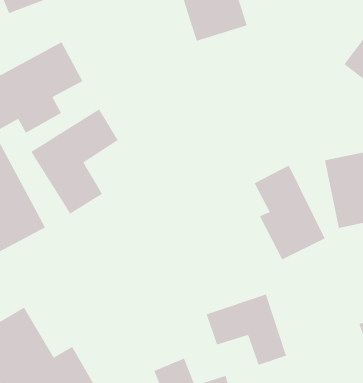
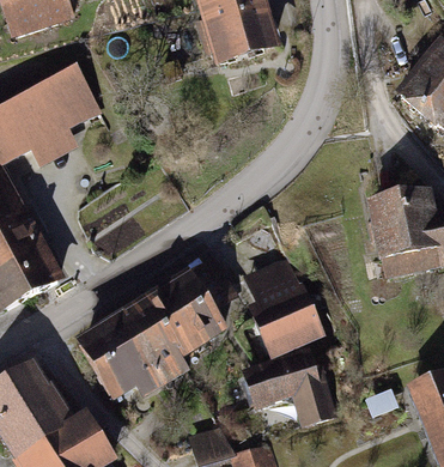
building: [30,109,118,214] -> none
building: [254,165,325,260] -> [238,253,318,359]
building: none -> [78,260,233,410]

